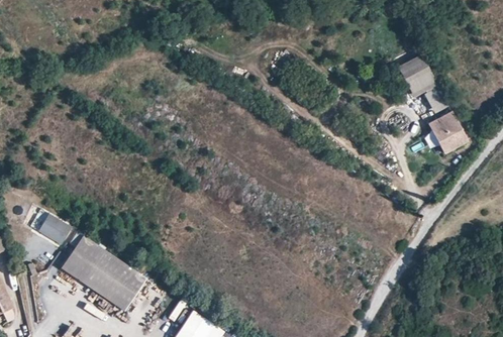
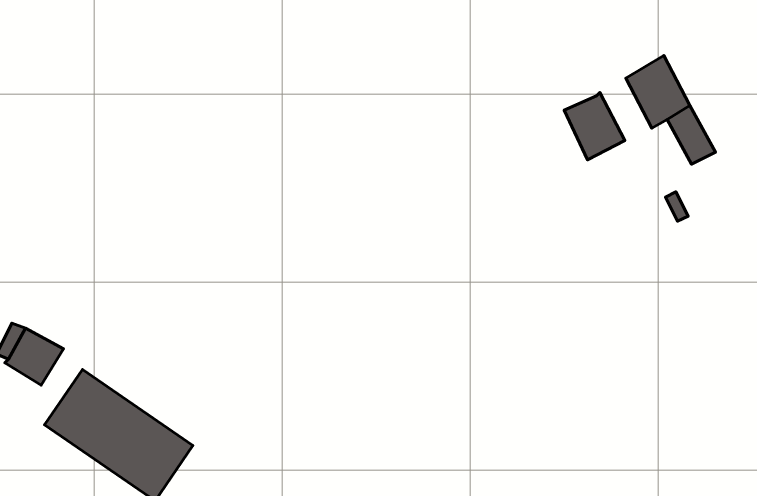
building: none -> [564,93,625,160]
building: [430,109,468,150] -> none

